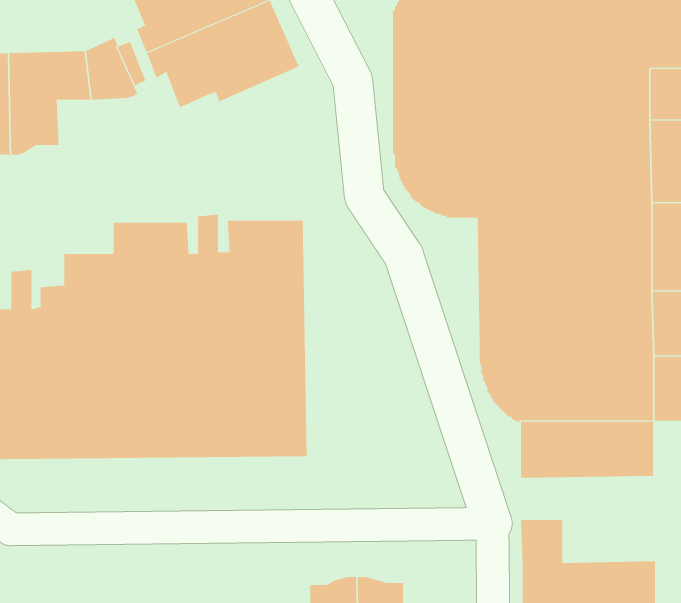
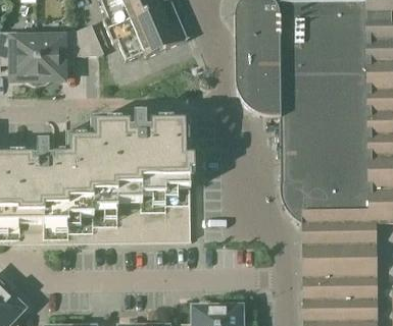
building: none -> [303,251,374,295]

